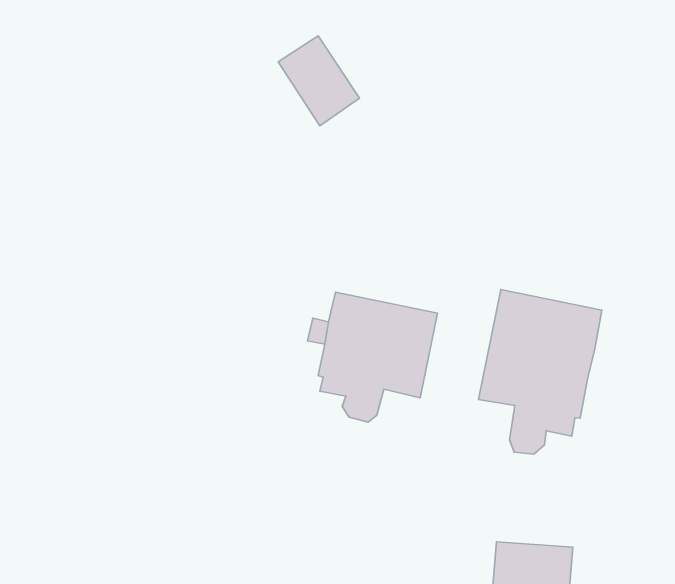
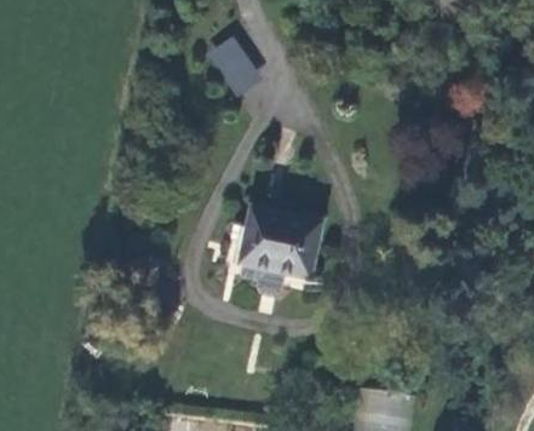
building: [478,290,602,454] -> none

